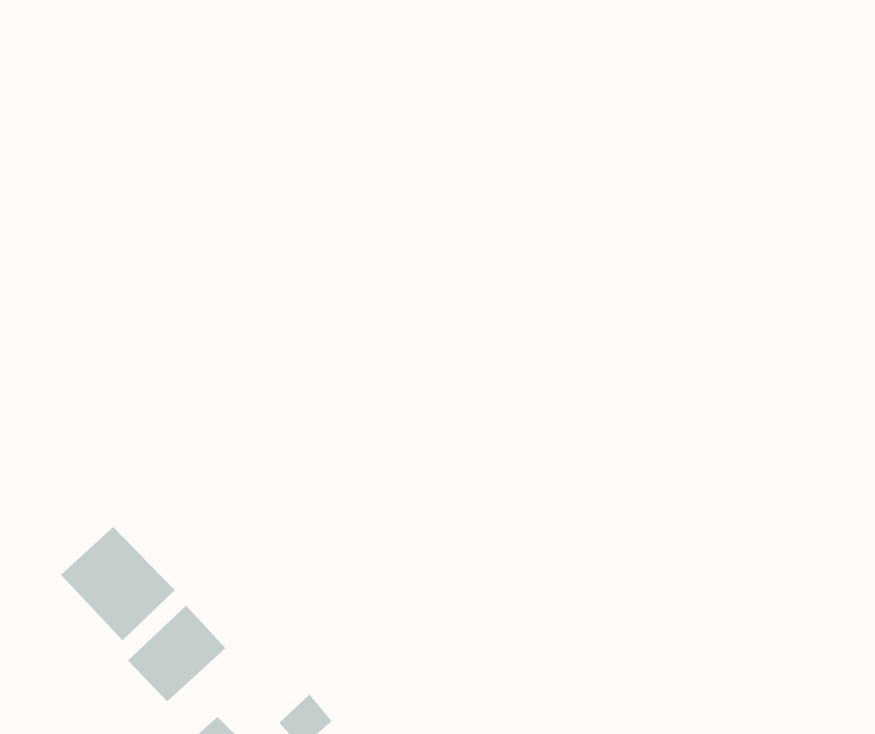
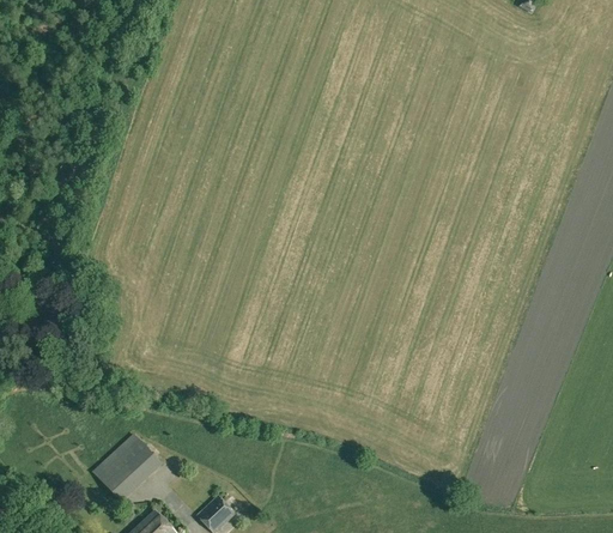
building: [60,526,176,641] -> none

